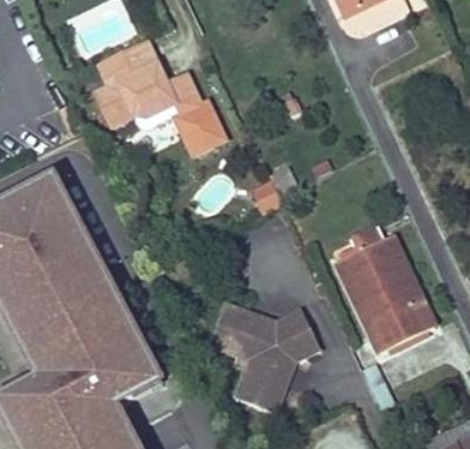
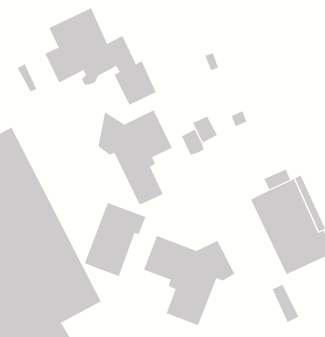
building: none -> [98,110,172,206]
building: none -> [84,202,146,277]

